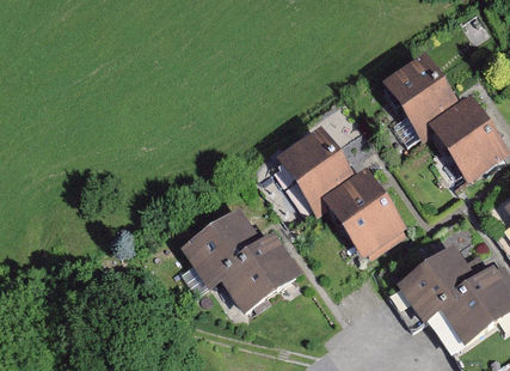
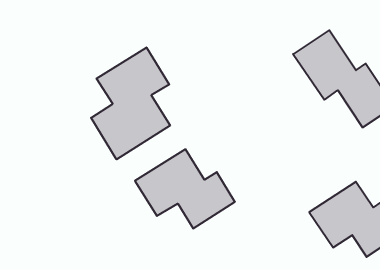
building: none -> [91,47,170,159]
building: [274,126,407,253] -> none

